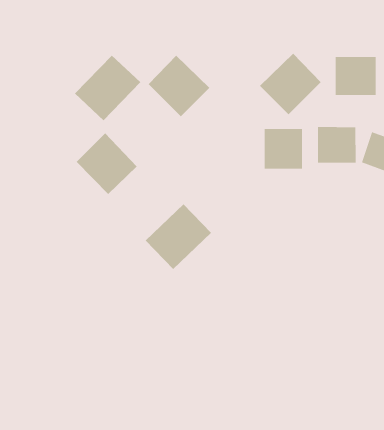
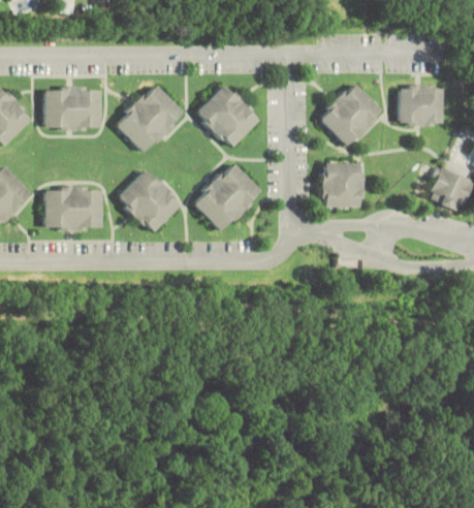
building: none -> [43,86,101,131]
building: [318,126,356,163] -> none
building: none -> [44,186,102,230]
building: [145,204,212,270] -> [189,160,262,232]

